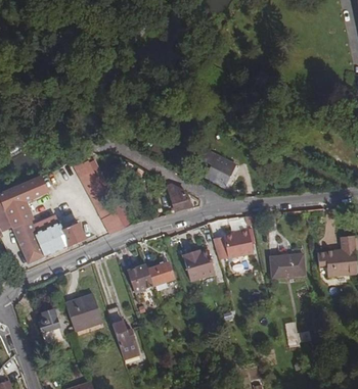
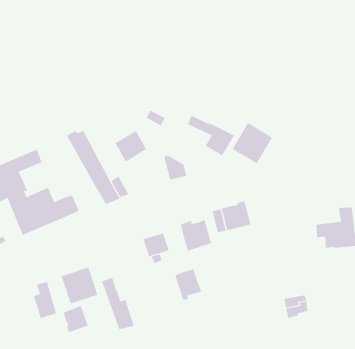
building: none -> [232,122,273,164]
building: none -> [114,130,147,162]
building: [270,253,306,279] -> none
building: [127,263,154,295] -> [175,269,202,301]
building: none -> [63,305,89,333]

